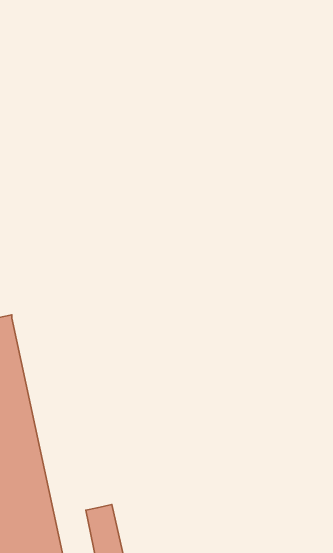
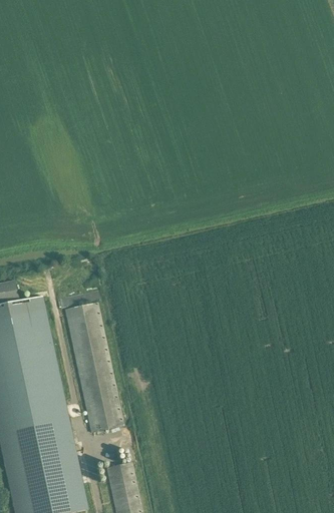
building: none -> [65,304,123,434]

